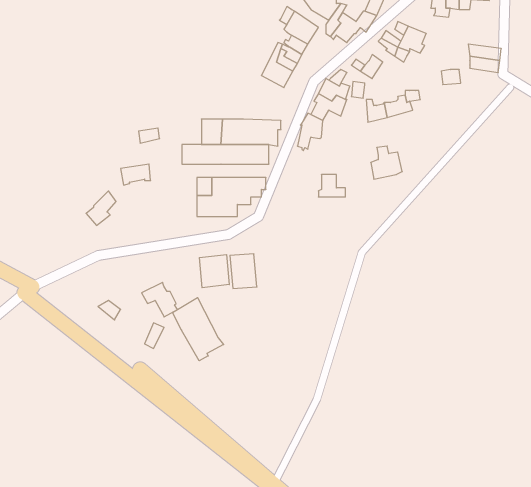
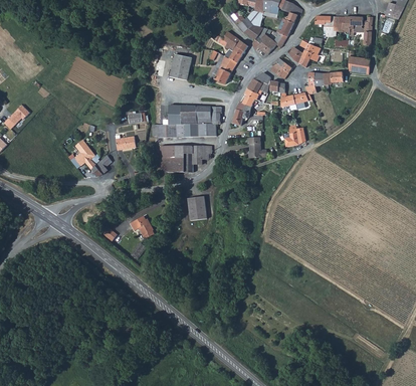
building: none -> [170,55,192,81]
building: none -> [68,141,96,170]
building: [199,255,229,288] -> none
building: [172,298,224,361] -> none

